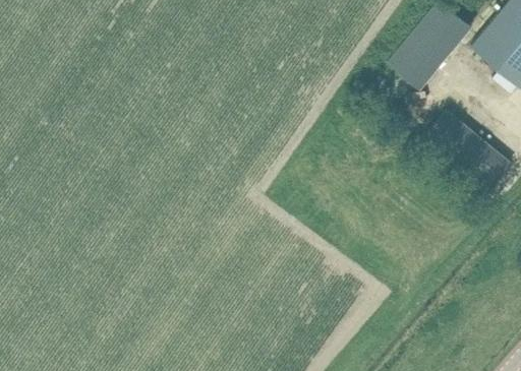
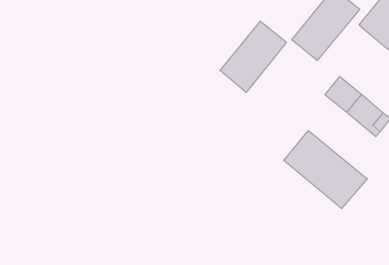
building: none -> [220,21,286,92]
building: none -> [284,131,367,209]

